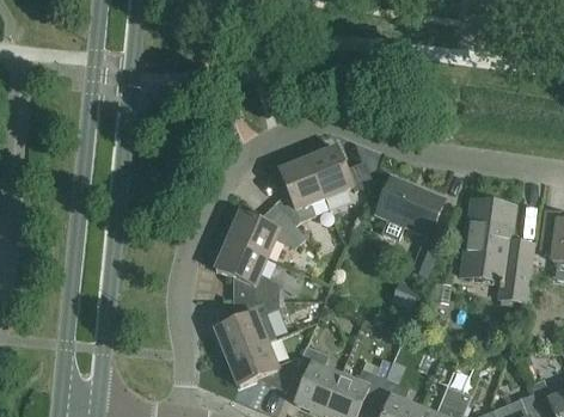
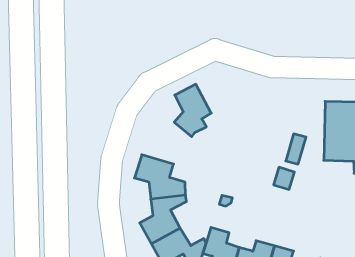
building: [308,146,373,197] -> none
building: [375,174,445,235] -> none
building: [228,203,306,257] -> none

